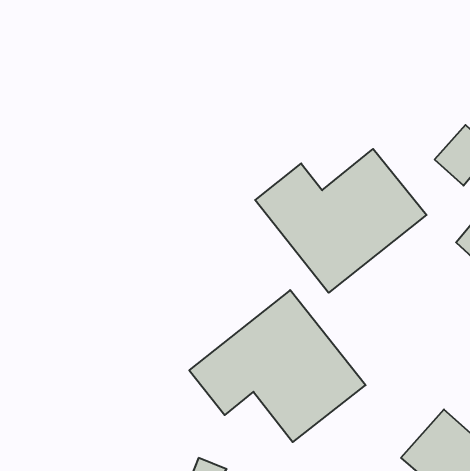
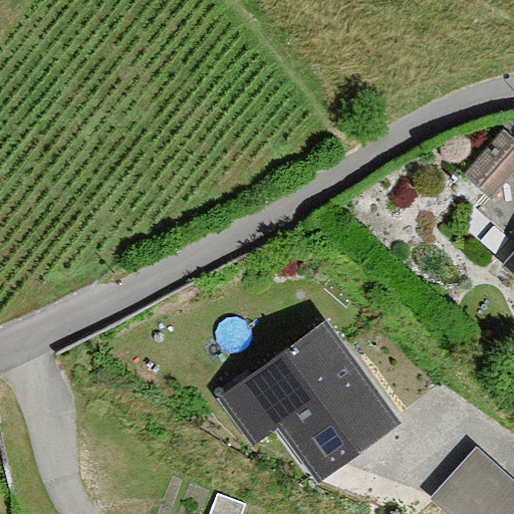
building: [255,149,427,293] -> none

